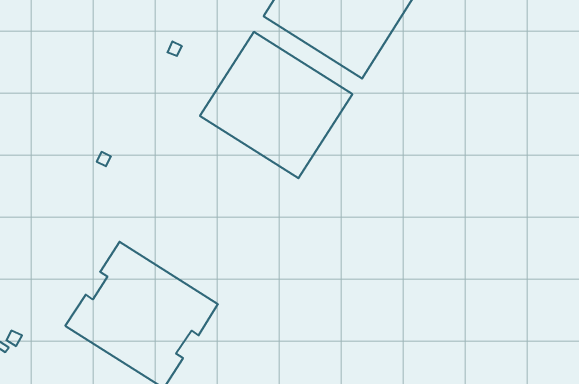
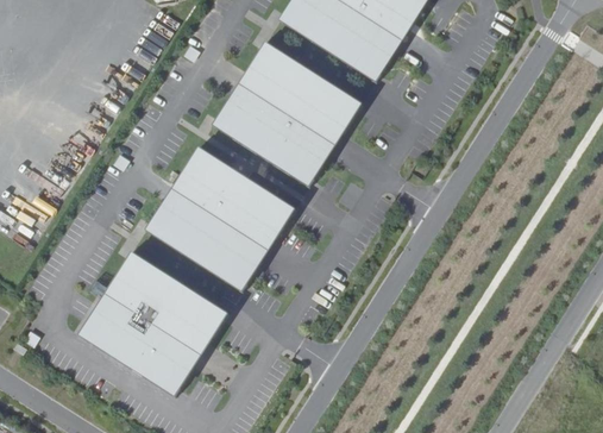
building: none -> [146,142,297,287]

